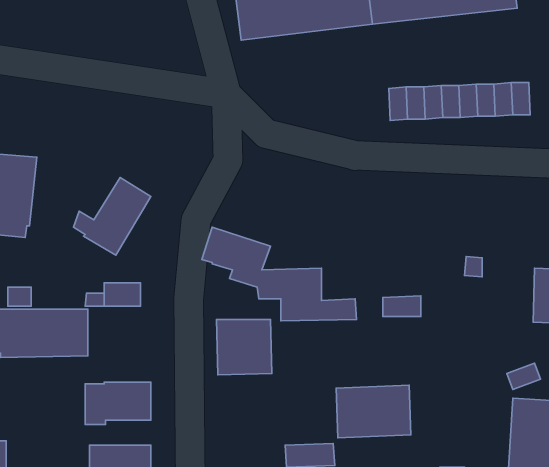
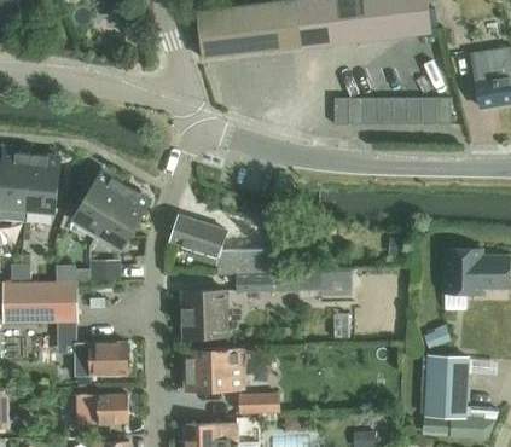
building: none -> [27,157,62,216]
building: none -> [98,190,152,254]
building: [336,385,411,438] -> [182,348,244,391]

